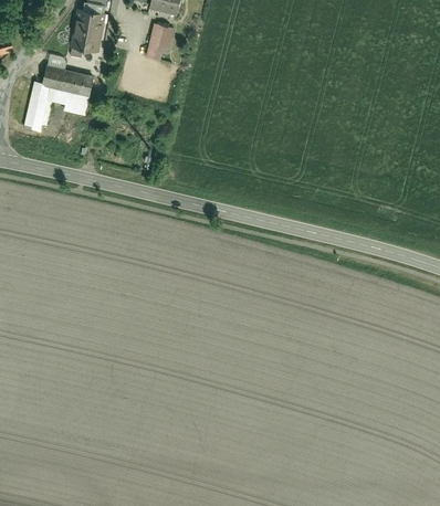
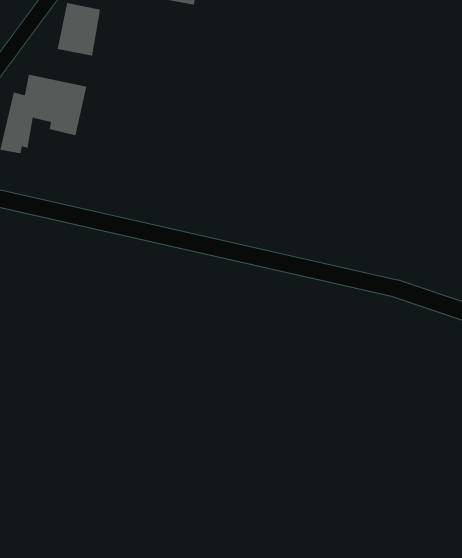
building: [146,23,174,60] -> none

